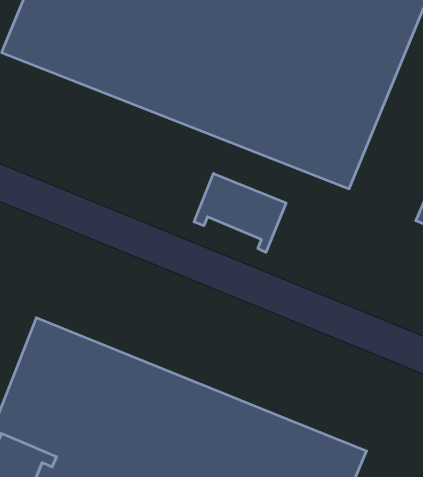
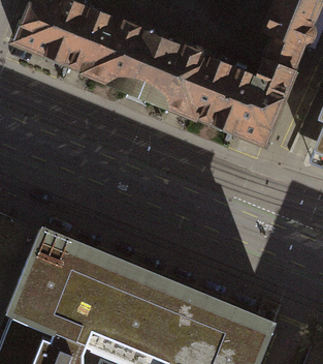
building: [194,173,286,252] -> none

